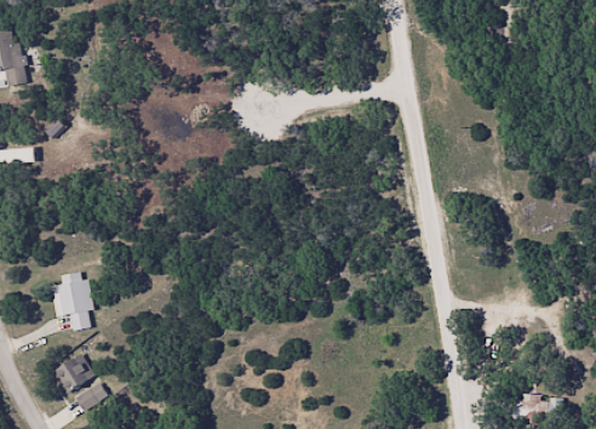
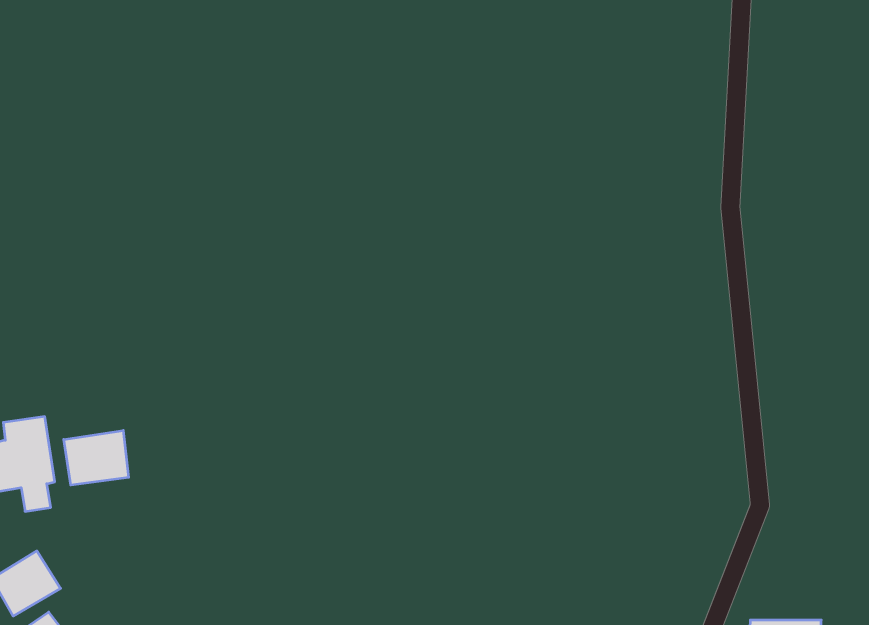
building: none -> [64,430,129,485]

